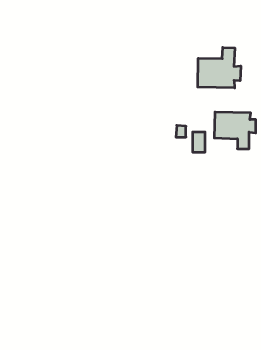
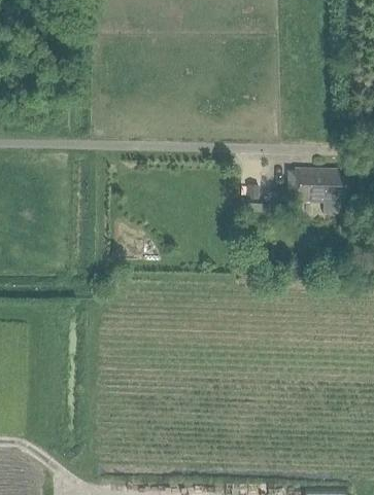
building: [198,47,241,88] -> none

